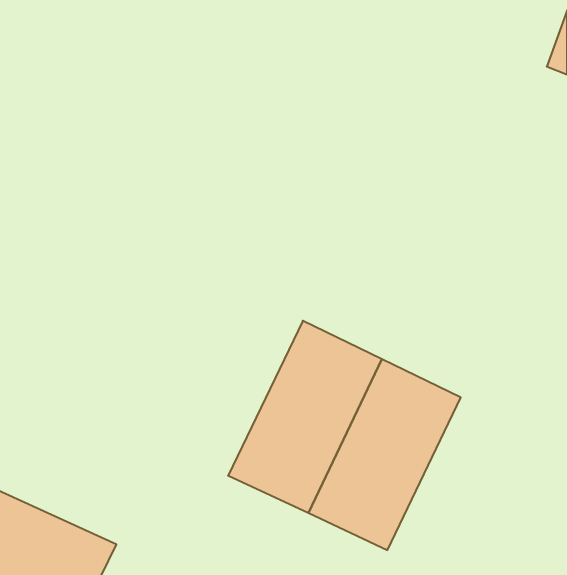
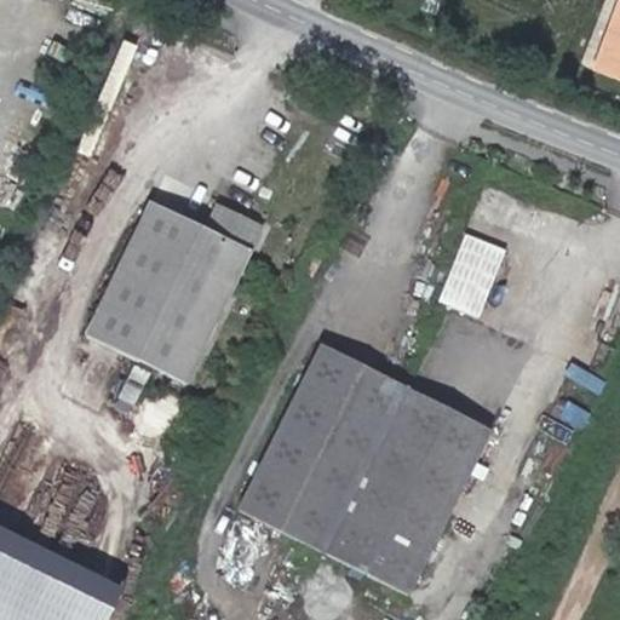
building: none -> [86,201,258,379]
building: none -> [429,234,499,320]

